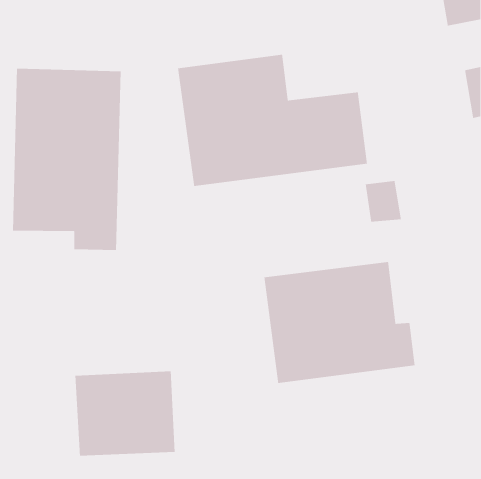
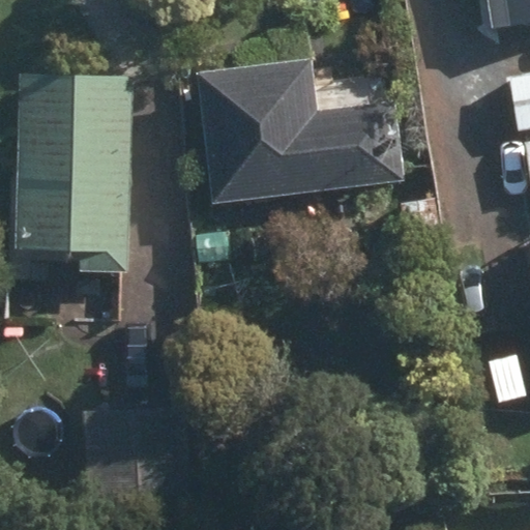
building: [264,261,416,384] -> none

